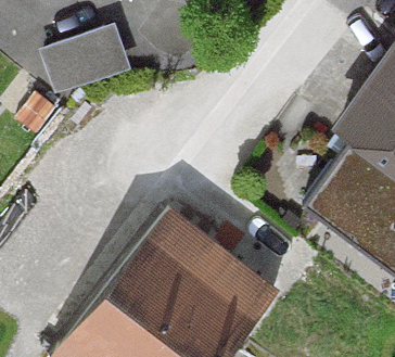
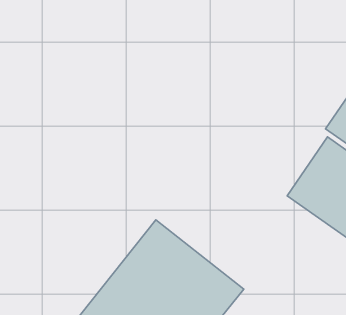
building: [39,23,130,93] -> none

